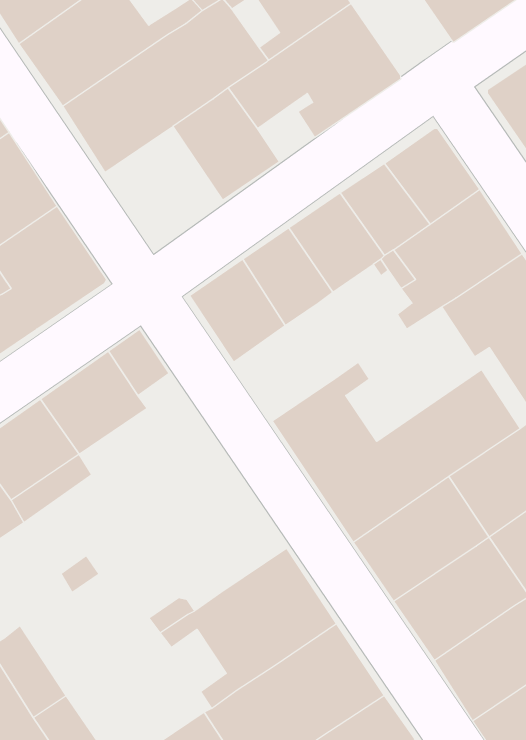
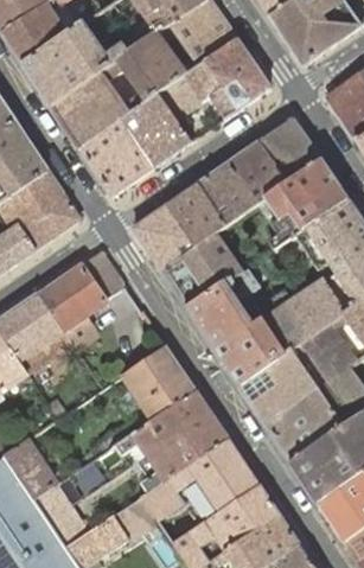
building: none -> [79,119,155,196]
building: none -> [162,232,243,308]
building: none -> [124,345,197,419]

